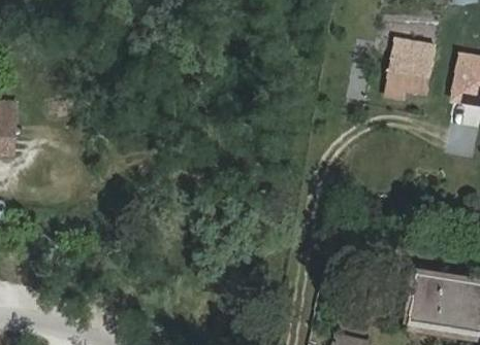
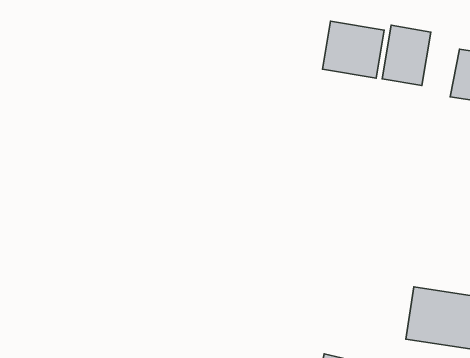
building: none -> [322,21,384,78]

